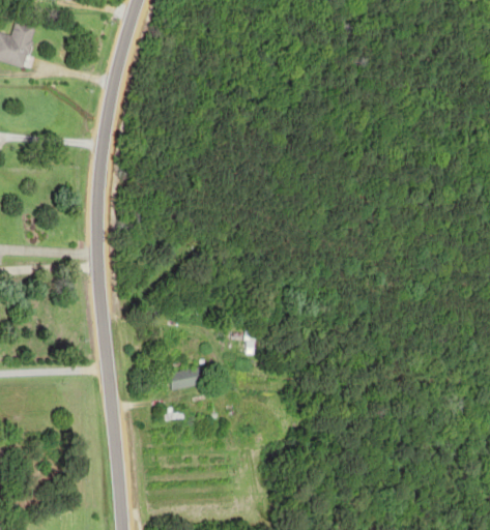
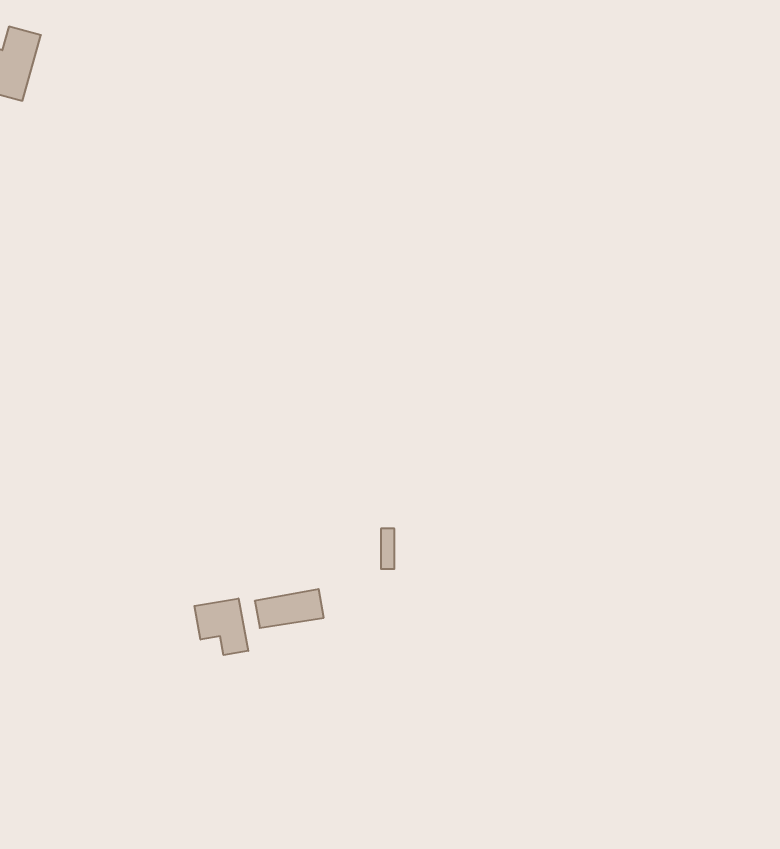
building: none -> [194,598,248,655]

